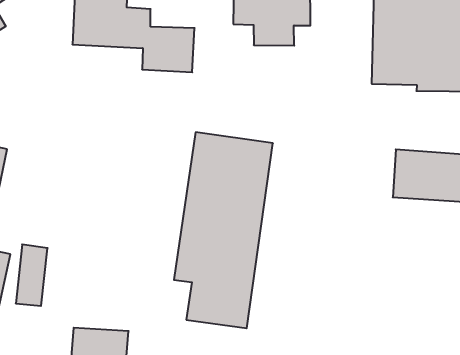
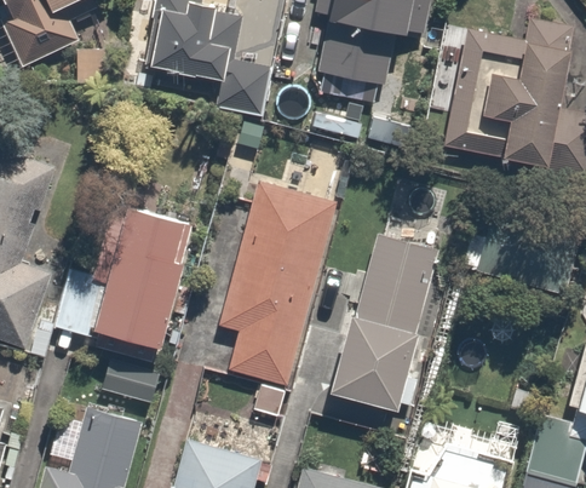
building: none -> [324,212,441,415]
building: none -> [88,203,191,349]

